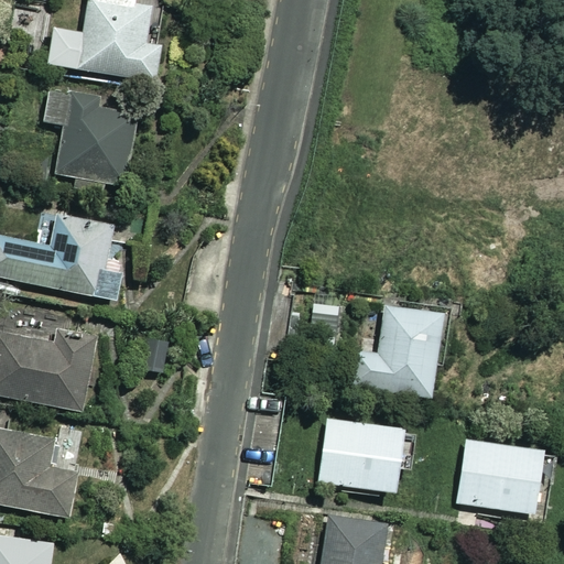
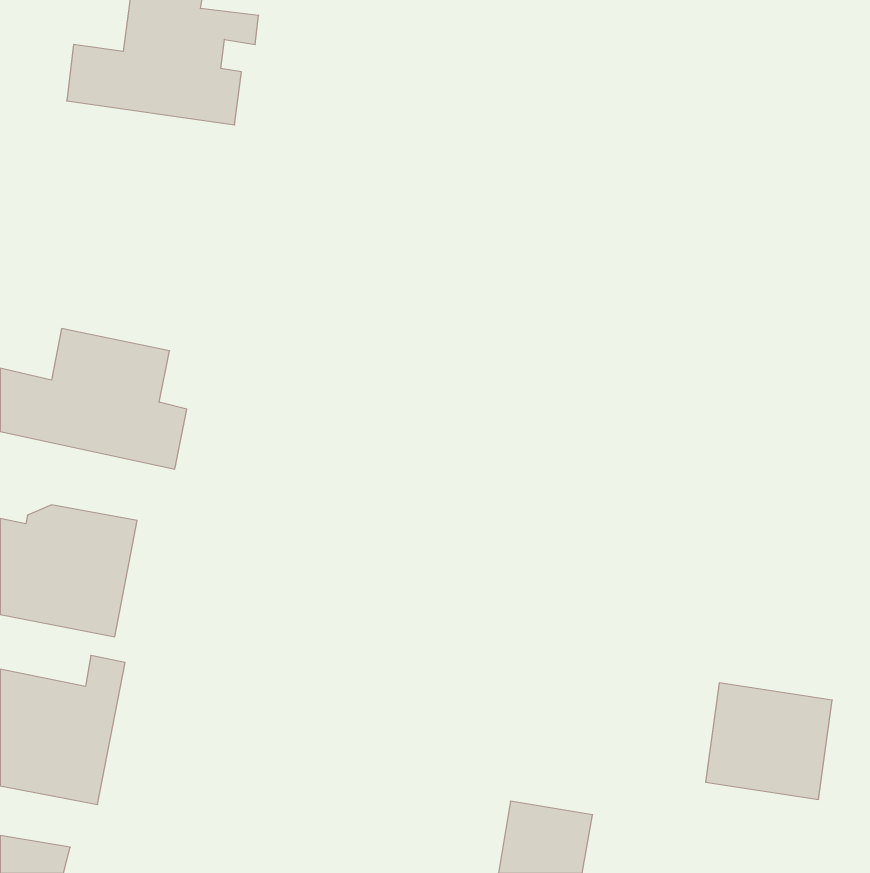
building: [44,88,135,189] -> none
building: [350,292,453,398] -> none
building: [318,419,399,492] -> none

